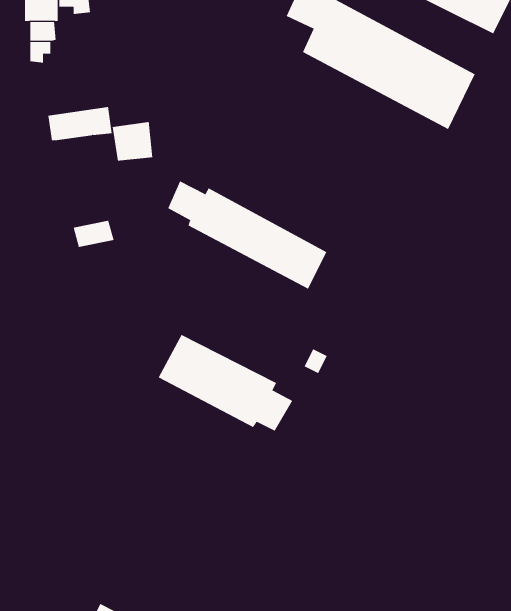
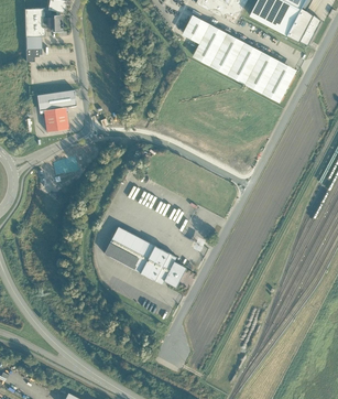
building: [112,122,153,161] -> [41,107,66,131]
building: [167,180,327,289] -> none

